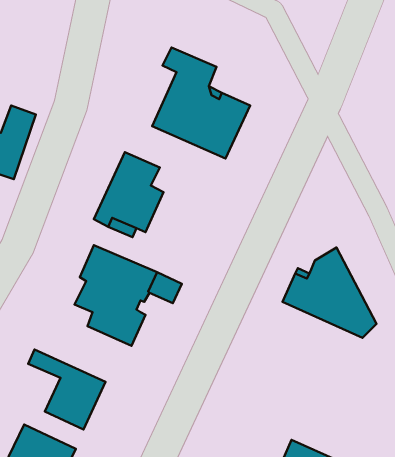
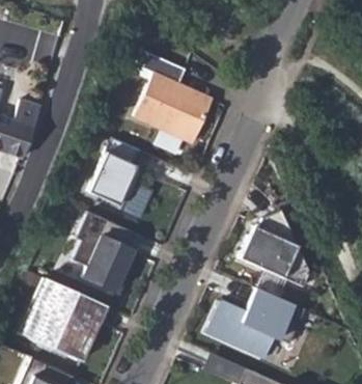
building: none -> [17,276,104,346]
building: none -> [205,287,305,359]

